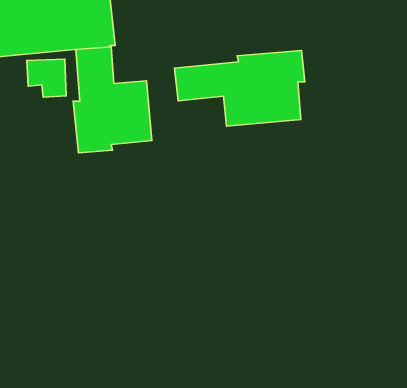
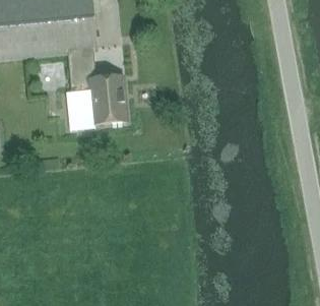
building: [174,51,305,126] -> none

